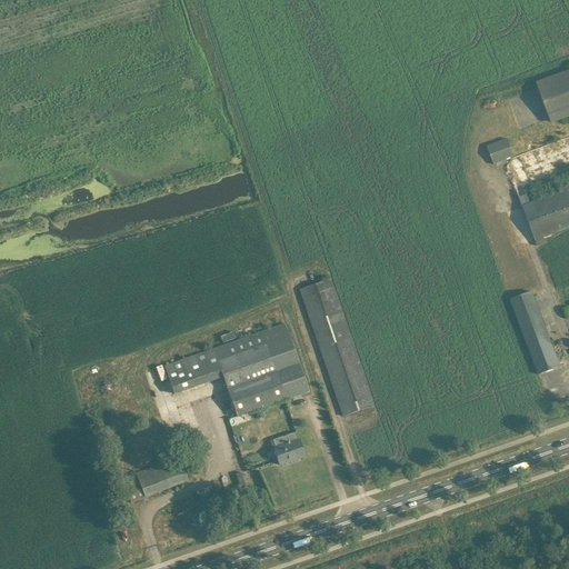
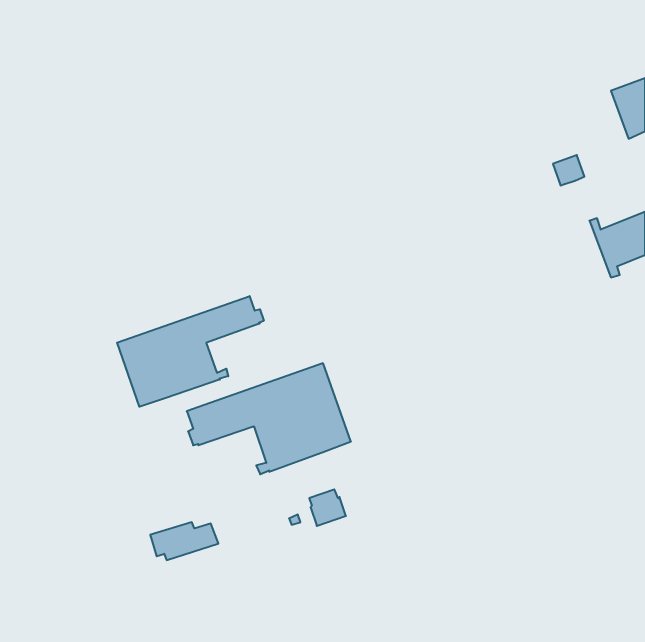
building: none -> [117,296,264,407]
building: [300,278,373,415] -> none
building: [511,290,560,372] -> none

